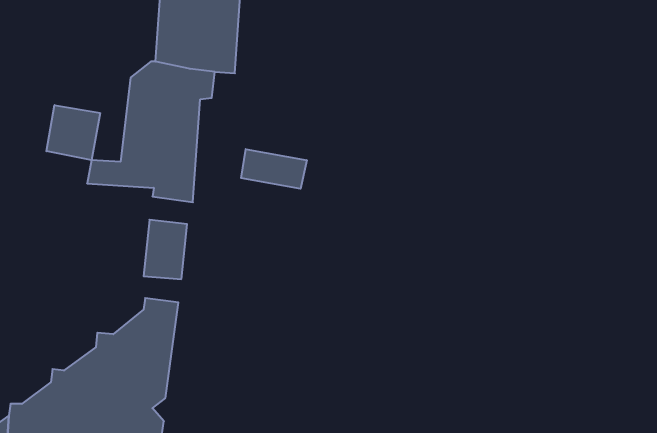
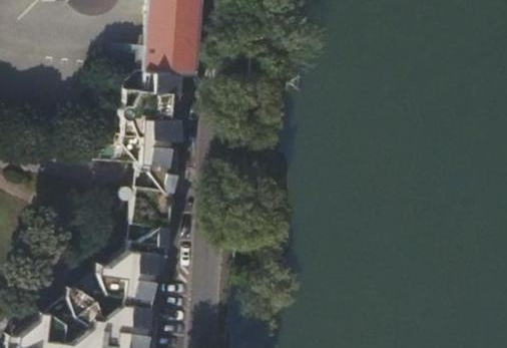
building: [46,105,100,160] -> none
building: [241,149,307,189] -> none

